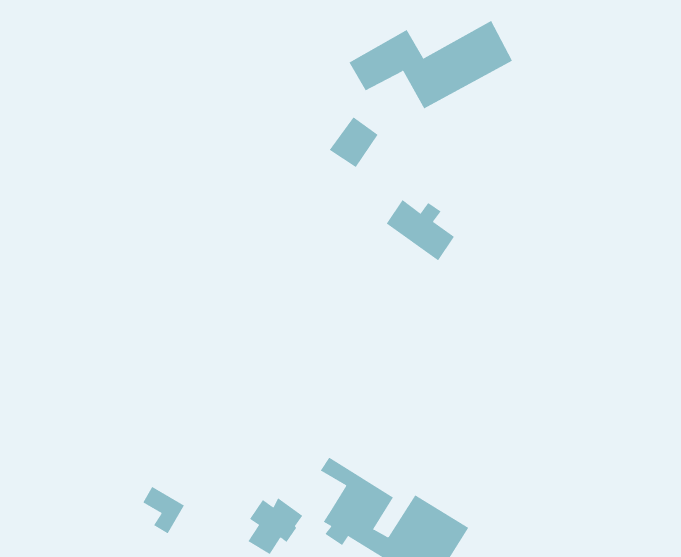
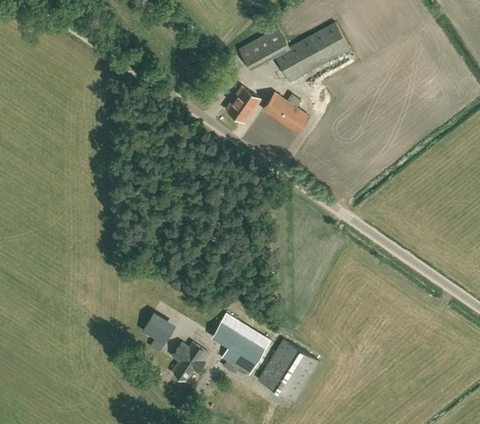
building: [386,199,455,261] -> [263,92,310,133]
building: [143,486,185,534] -> [142,320,170,352]

